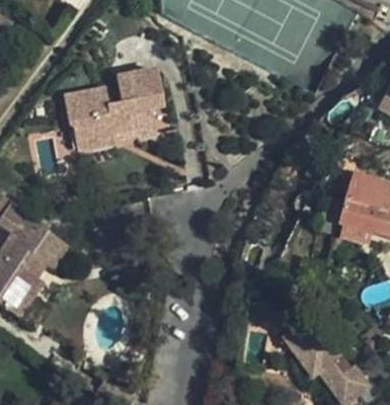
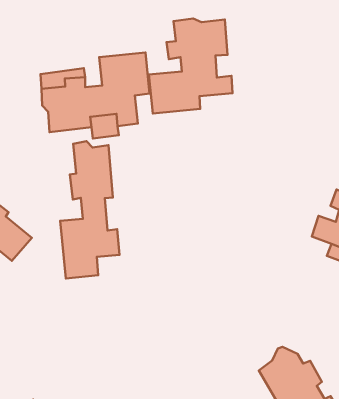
building: none -> [149,18,232,113]
building: none -> [60,141,119,278]

